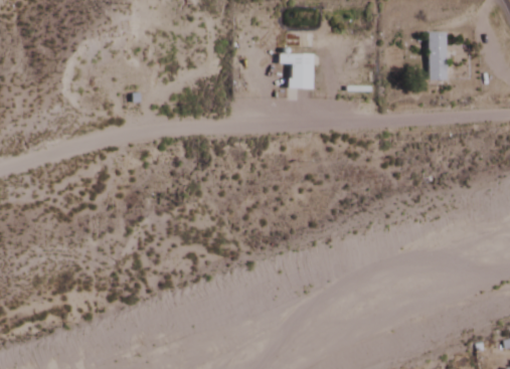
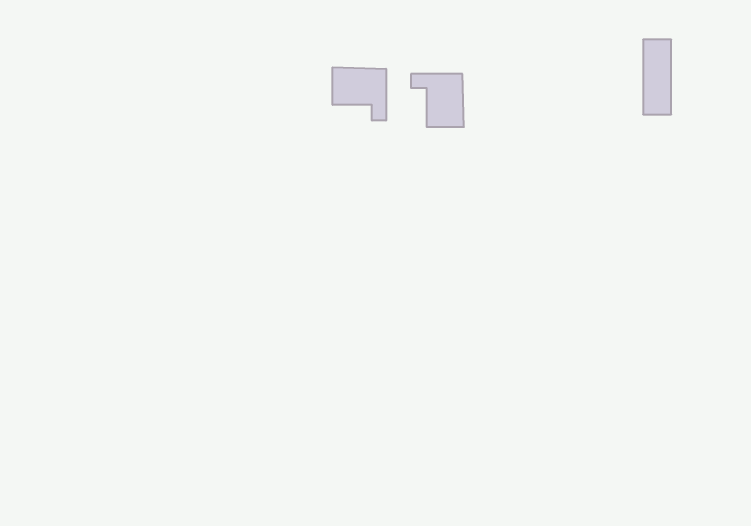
building: none -> [333,67,386,121]

